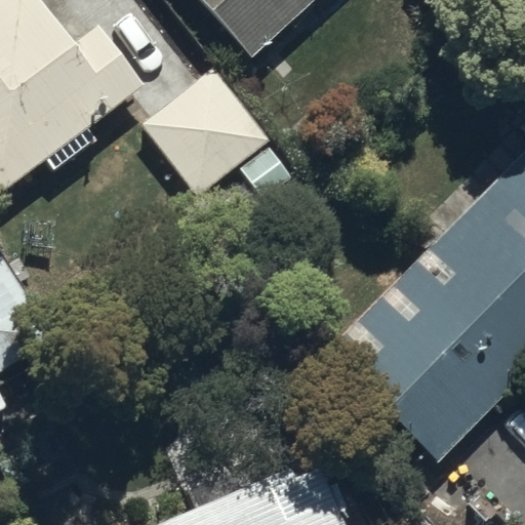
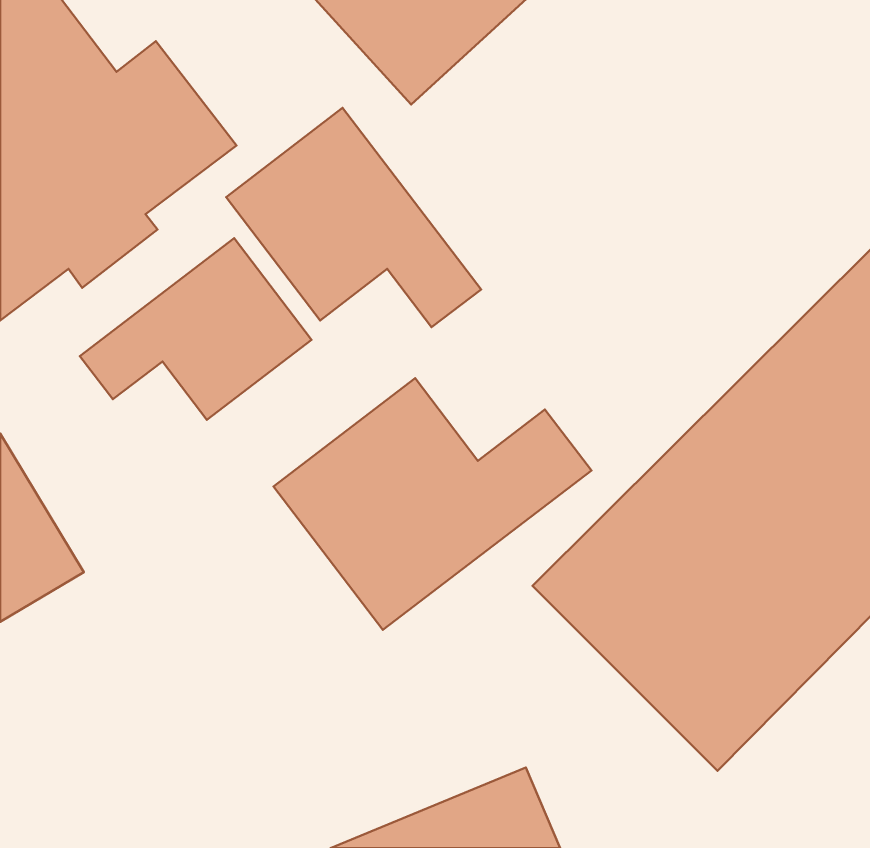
building: none -> [80,238,312,420]
building: none -> [273,378,592,630]

